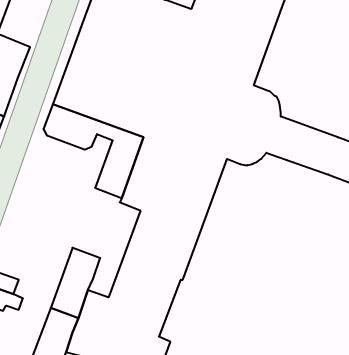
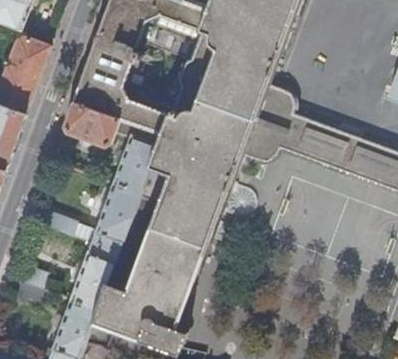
building: none -> [31,183,140,251]

